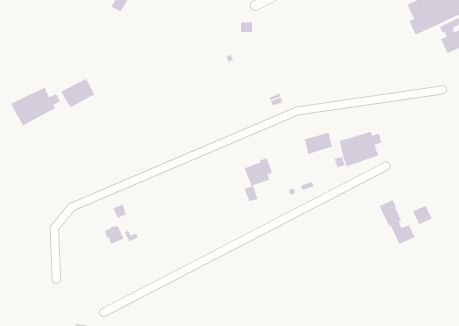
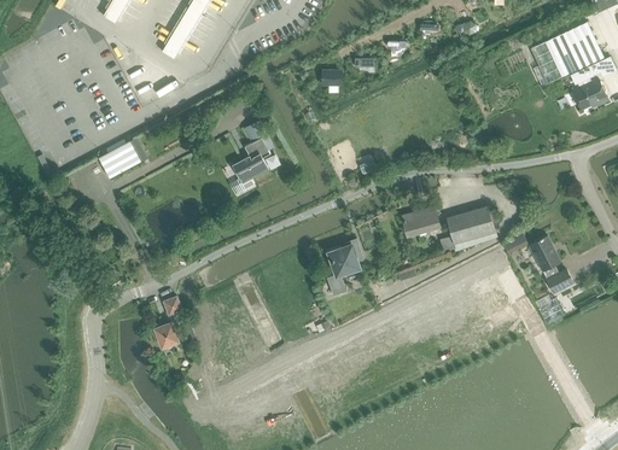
building: none -> [232,138,269,189]
building: [10,87,61,126] -> none
building: [379,199,415,245] -> [527,236,573,293]

